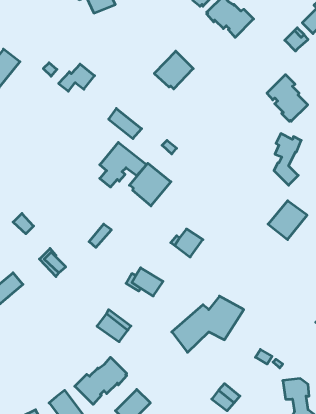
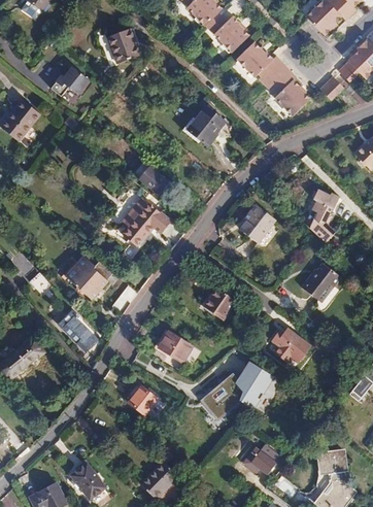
building: [59,64,95,91] -> [50,66,89,95]
building: [267,75,308,121] -> [267,67,310,116]
building: none -> [241,205,276,245]
building: [129,163,171,206] -> none
building: none -> [66,257,114,301]
building: none -> [273,327,314,365]
building: [75,357,127,404] -> none

